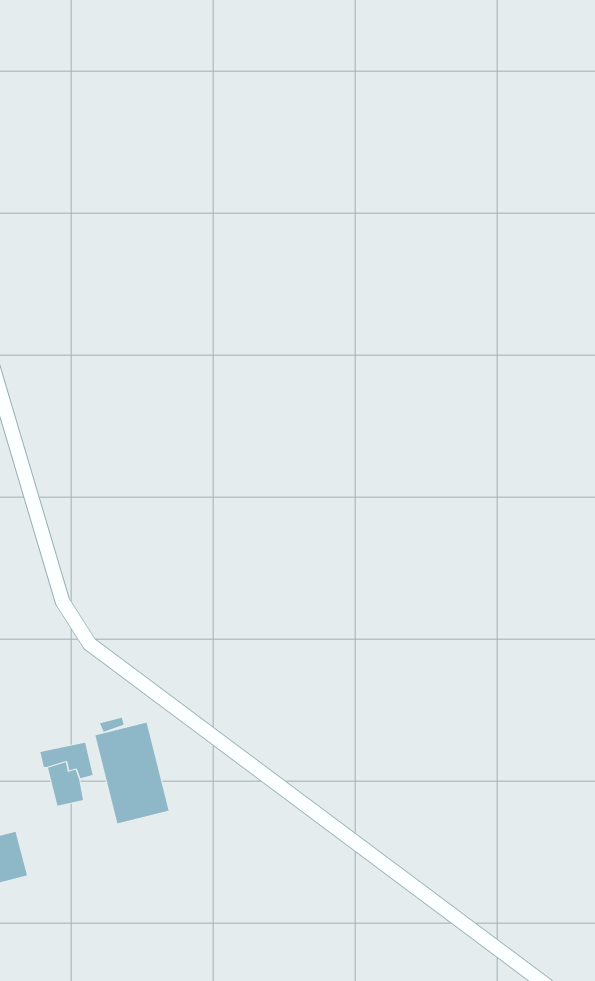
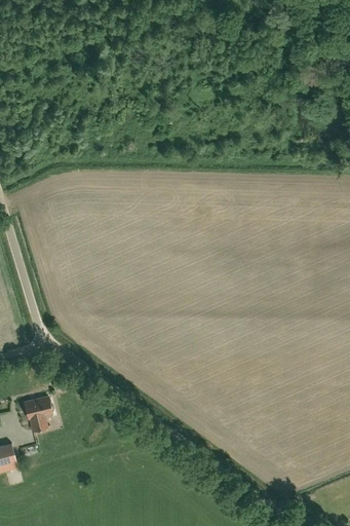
building: [95,722,169,824] -> none

